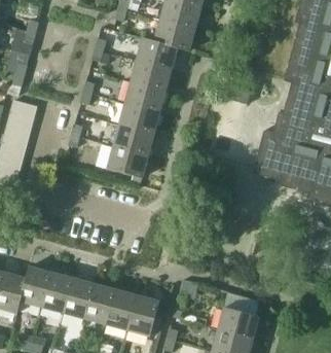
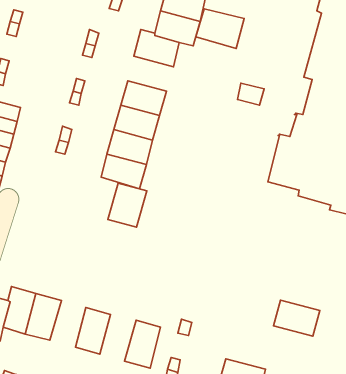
building: none -> [196,9,244,48]
building: [131,61,171,92] -> none
building: none -> [108,183,147,227]
building: [62,277,94,318] -> none
building: [106,289,138,330] -> none
building: [217,306,258,338] -> [273,300,320,336]

